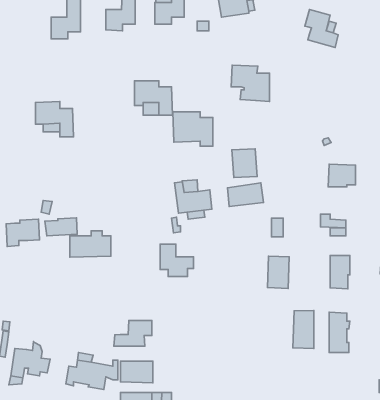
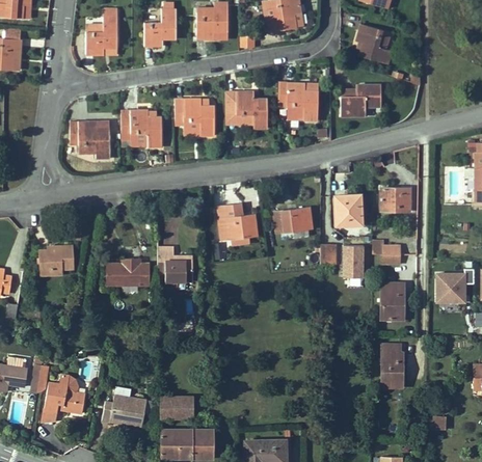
building: none -> [340,84,381,115]
building: none -> [120,109,162,146]
building: [173,112,213,146] -> [224,91,267,128]
building: [232,149,257,177] -> [334,194,362,224]
building: [45,218,77,236] -> none
building: [160,244,193,277] -> [157,246,192,280]
building: [268,256,289,288] -> [342,242,365,276]
building: [293,311,314,348] -> none
building: [114,321,152,346] -> none

